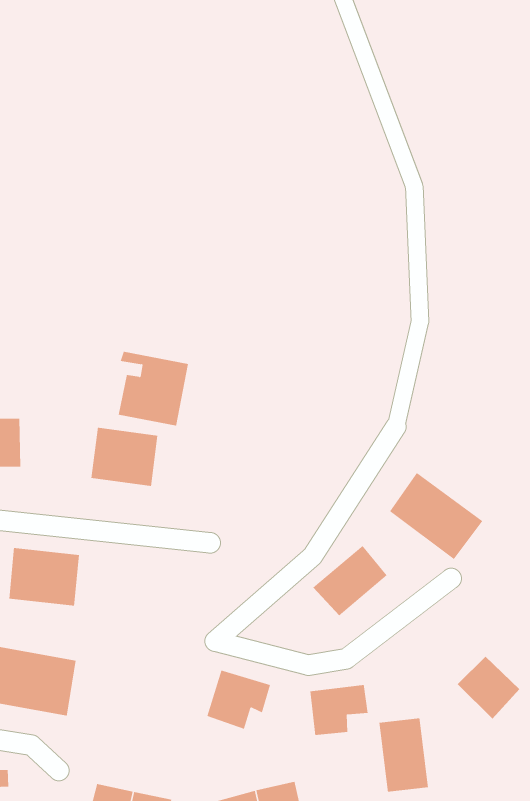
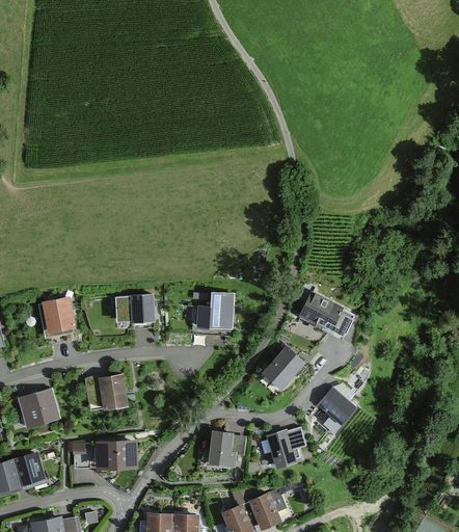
building: [118,351,189,426] -> [194,294,236,334]
building: [457,656,520,720] -> [319,383,357,421]
building: [379,717,428,792] -> none

